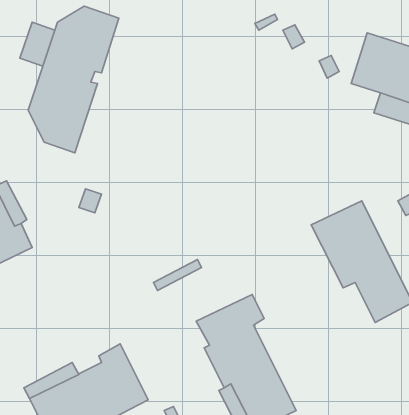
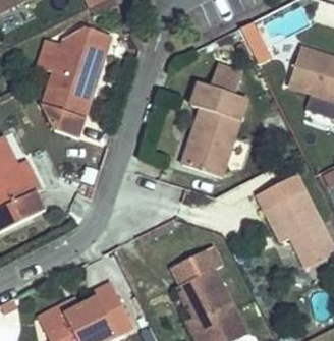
building: none -> [182,67,247,177]

